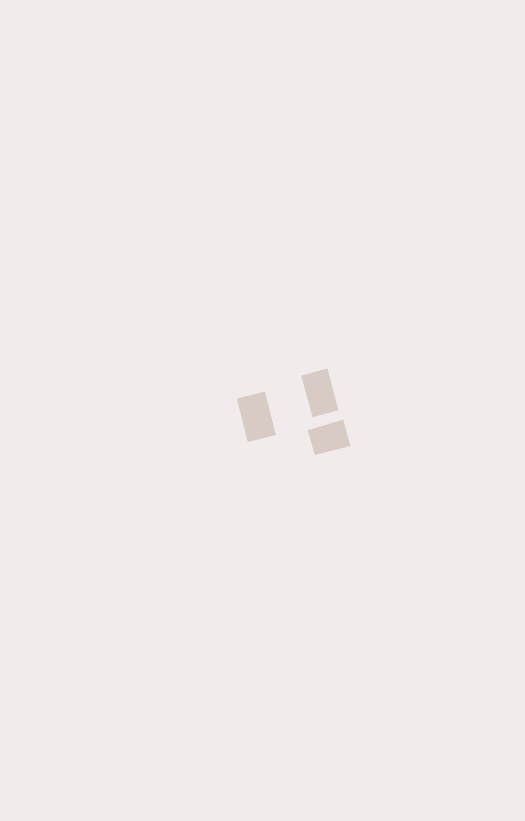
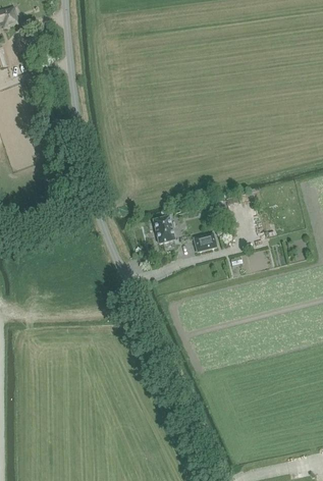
building: [300,368,340,418] -> none

